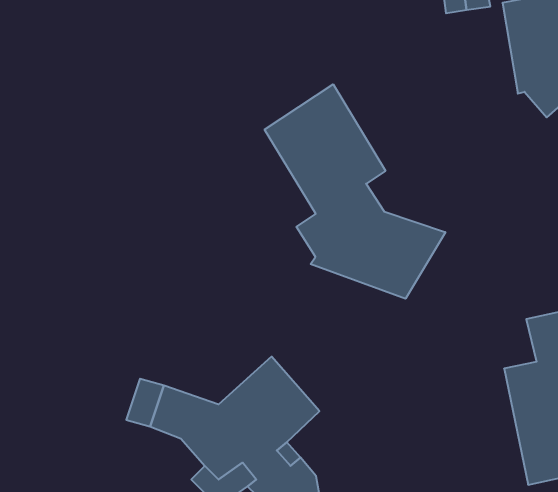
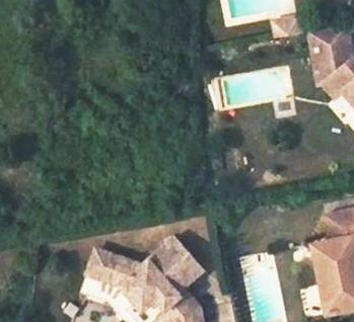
building: [265,84,445,299] -> none

